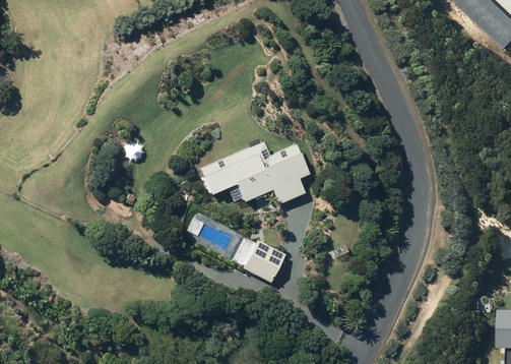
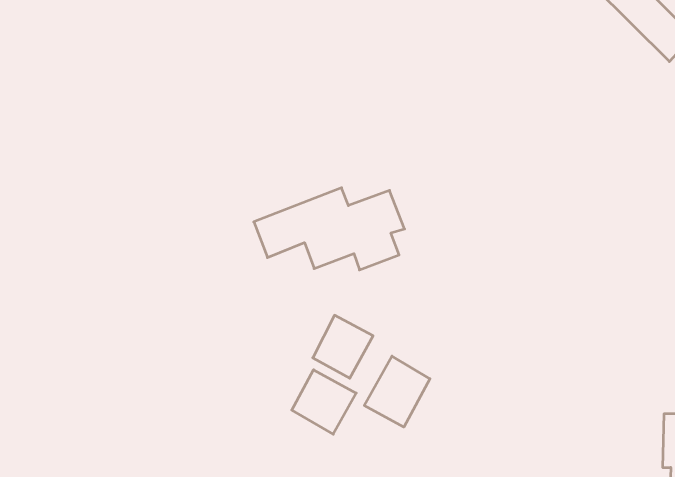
building: none -> [364,356,430,427]
building: none -> [292,370,356,434]

